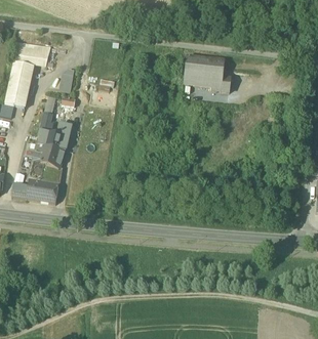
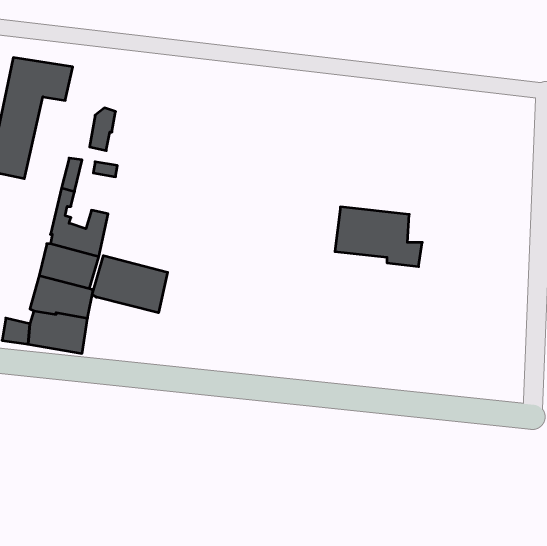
building: [183,58,231,91] -> [335,207,422,267]
building: none -> [92,256,168,313]

